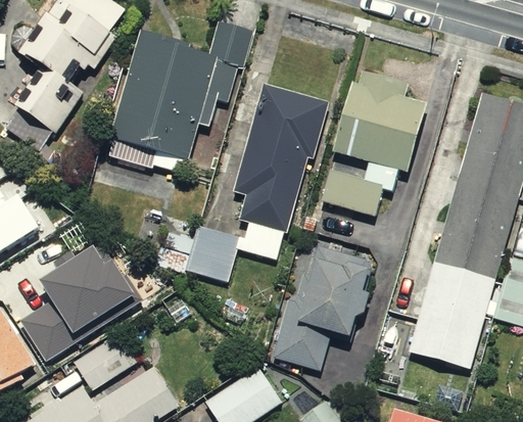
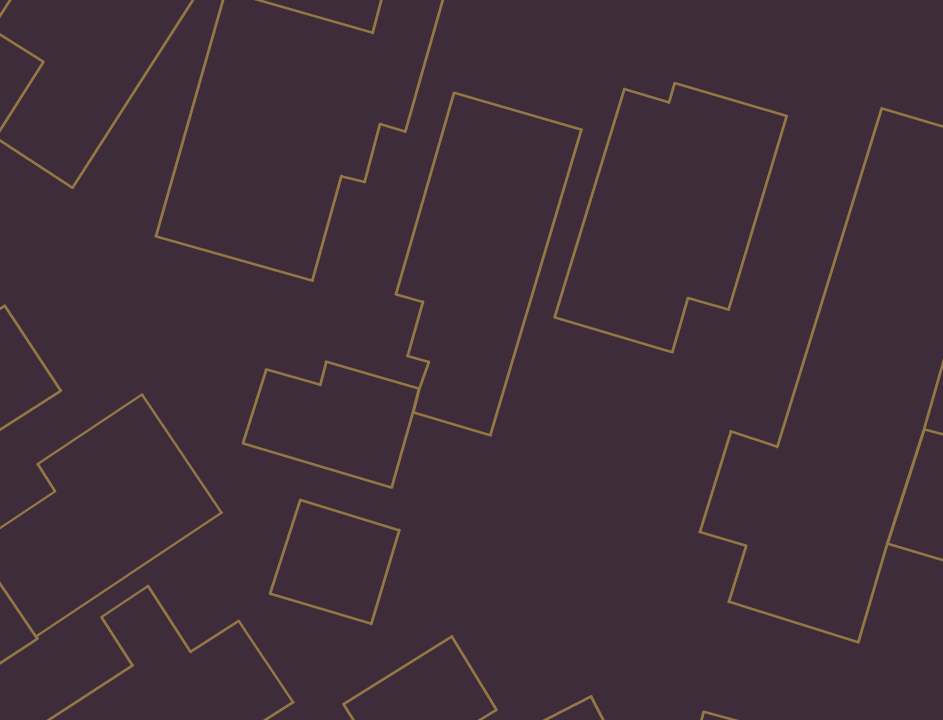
building: [272,243,374,371] -> none
building: none -> [270,500,399,624]

